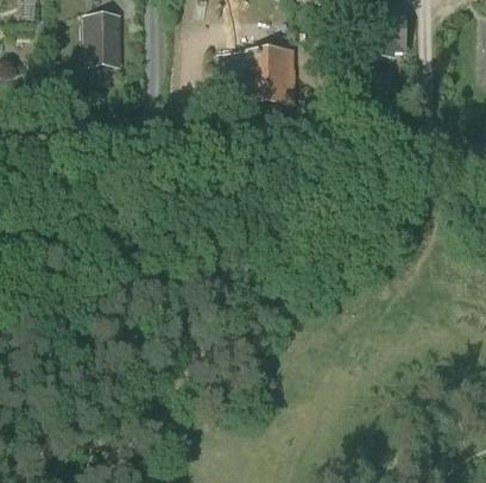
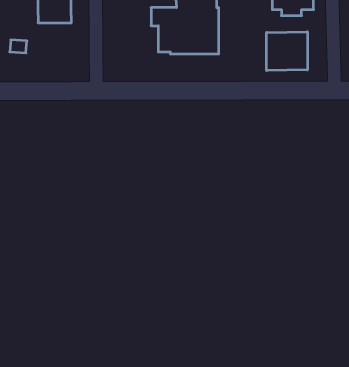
building: none -> [267,32,307,71]

